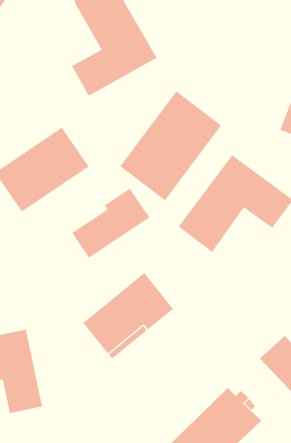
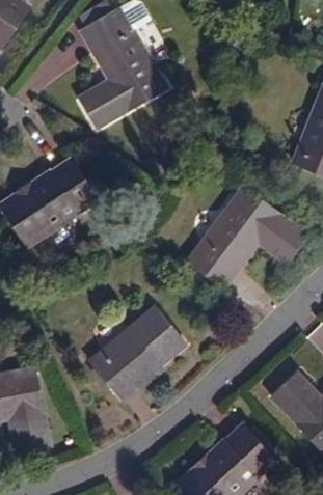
building: [120,90,222,201] -> none
building: [71,188,150,258] -> none

